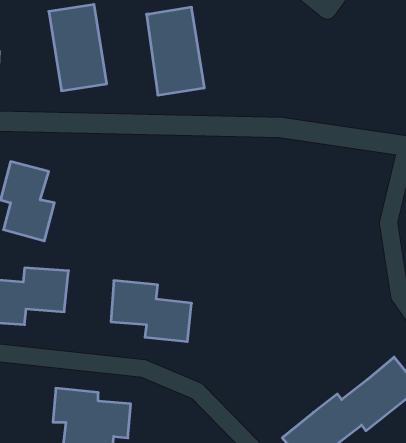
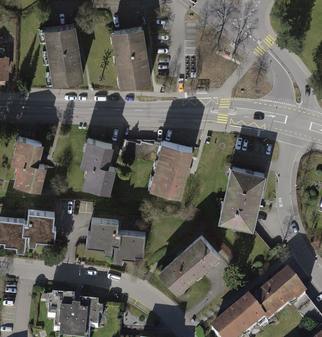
building: none -> [77,138,114,194]
building: none -> [121,140,193,197]
building: none -> [217,163,267,227]
building: none -> [157,236,220,297]

